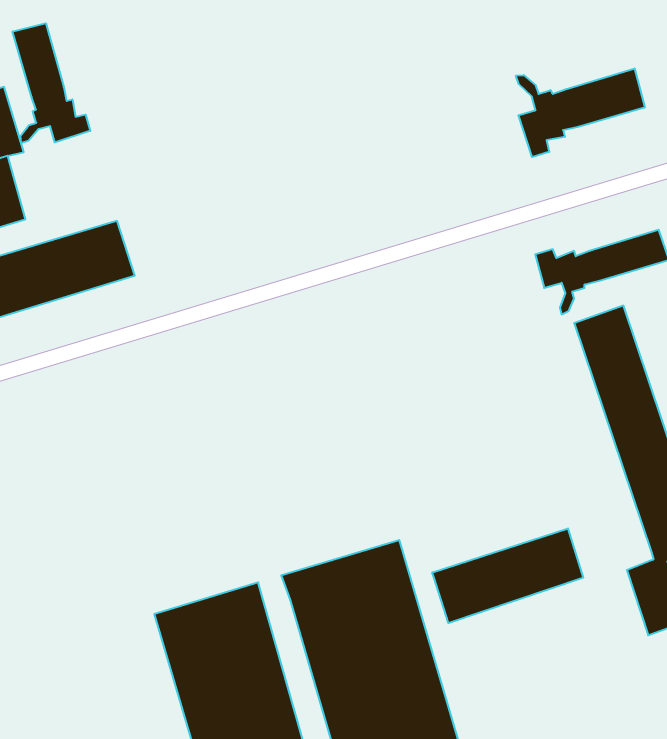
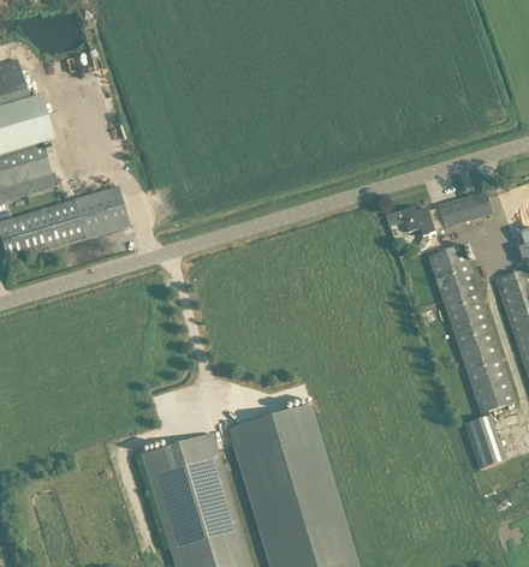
building: [13,23,90,143] -> none
building: [516,68,645,157] -> none
building: [432,528,583,623] -> none

